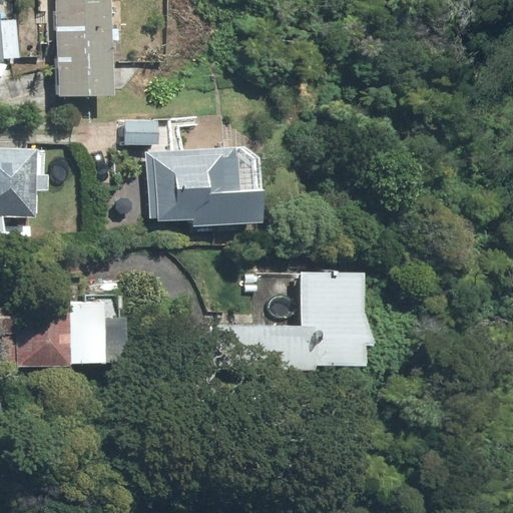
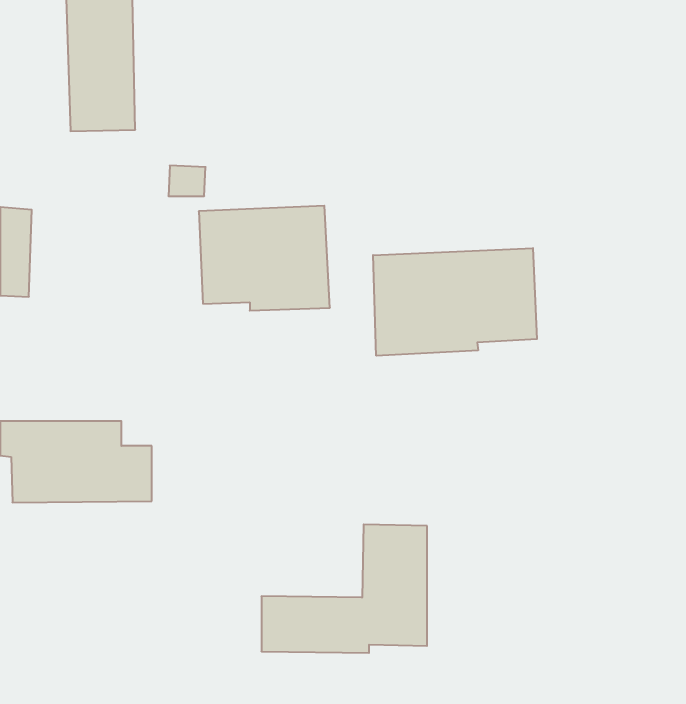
building: none -> [373,248,537,356]
building: [227,277,348,370] -> [261,524,427,653]

